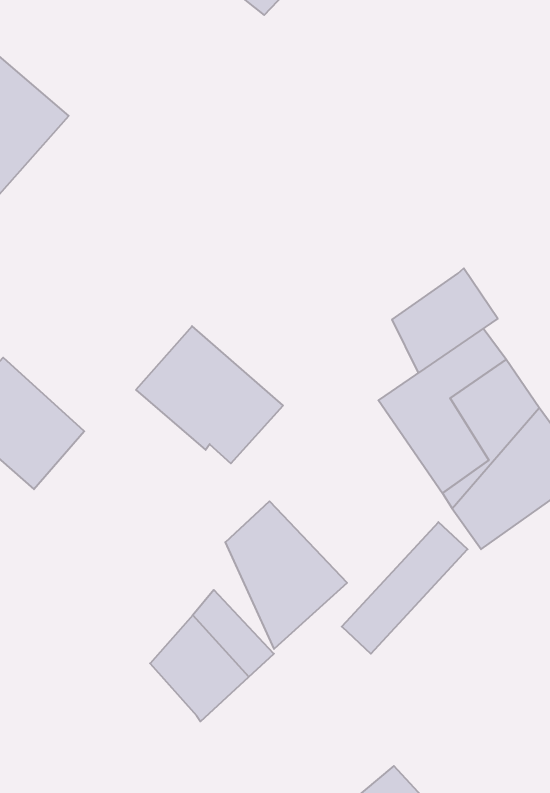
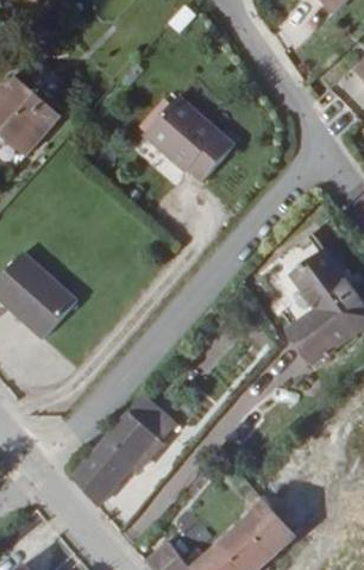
building: [392,268,498,373] -> none
building: [136,326,283,463] -> [134,98,225,182]
building: [225,501,347,649] -> none
building: none -> [76,439,142,513]

